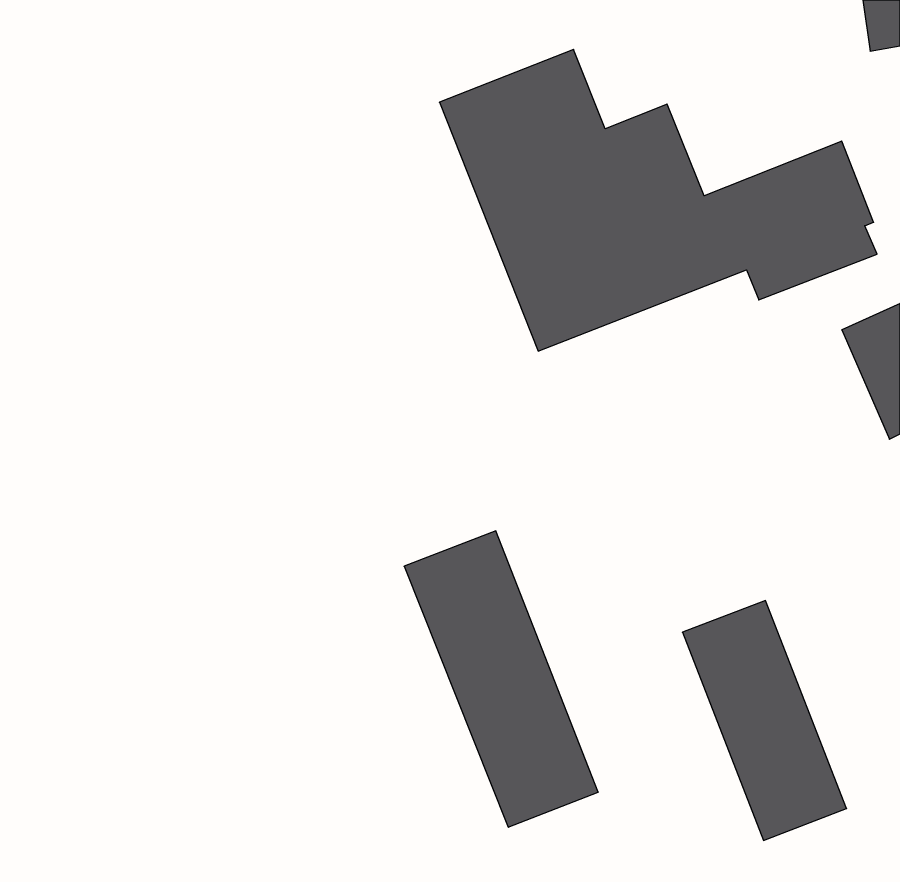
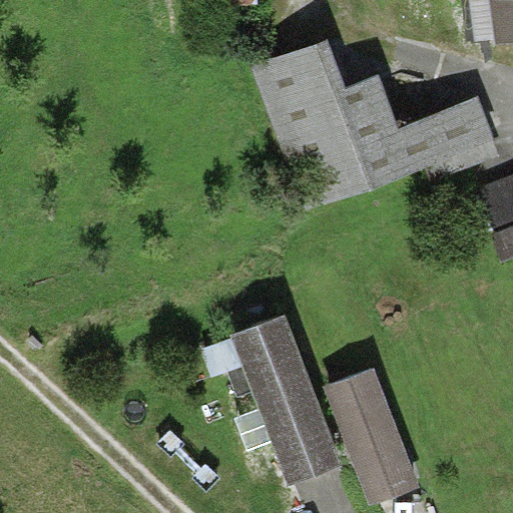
building: [682,601,847,840] -> [325,368,418,504]

